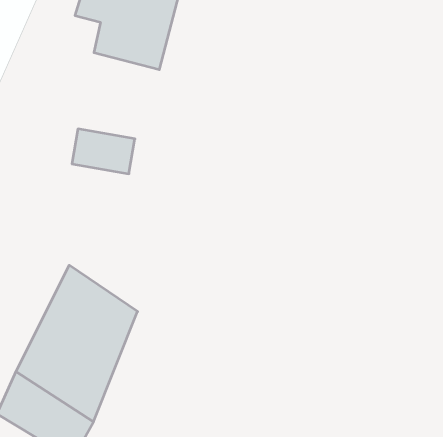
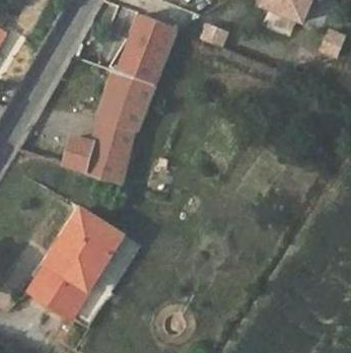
building: none -> [98,71,155,131]
building: none -> [64,136,129,184]

